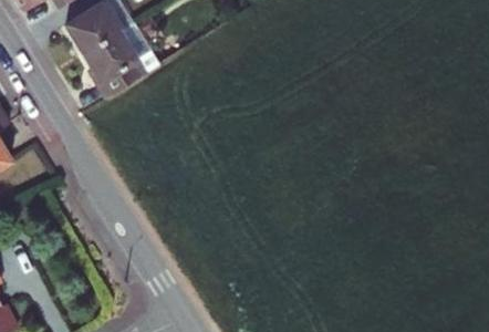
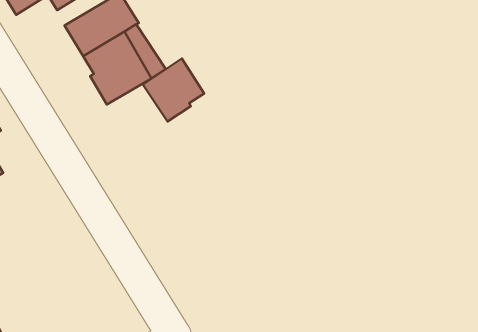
building: none -> [143,59,204,122]

